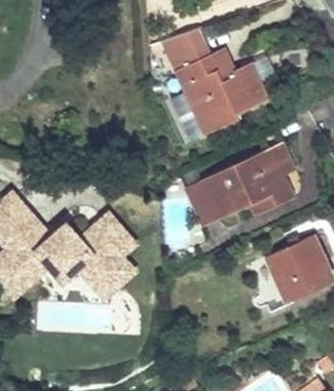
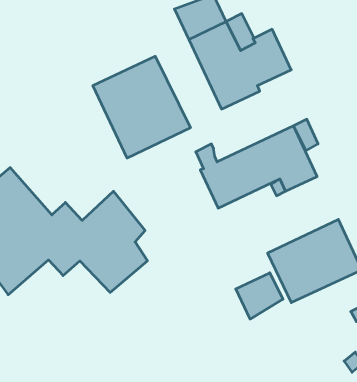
building: none -> [93,56,190,158]
building: none -> [236,273,283,319]

